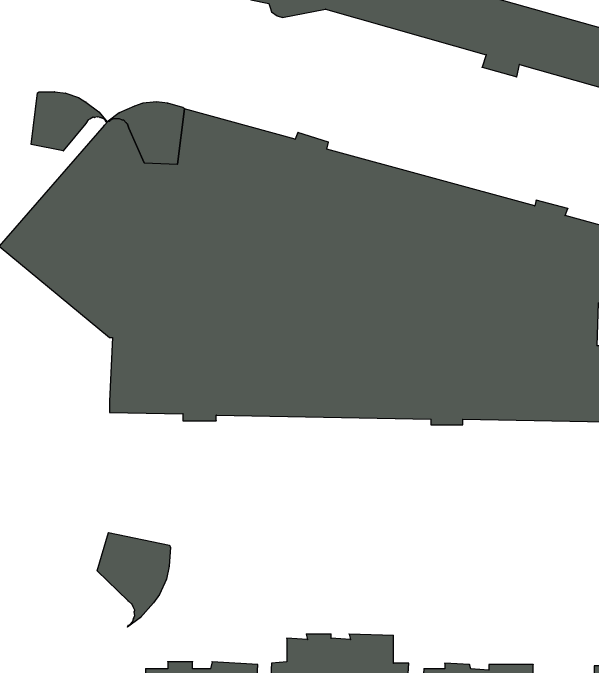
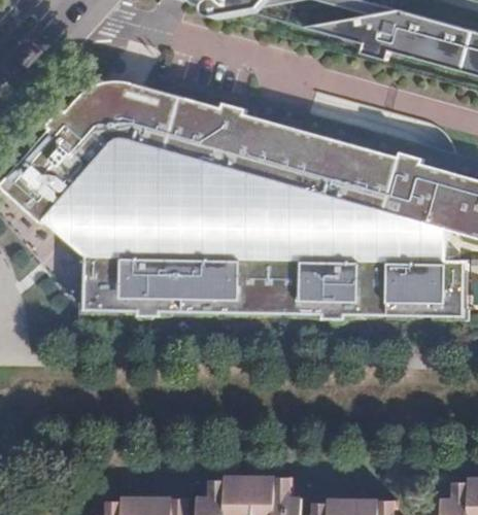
building: [31,92,107,151] -> none
building: [97,533,170,627] -> none

